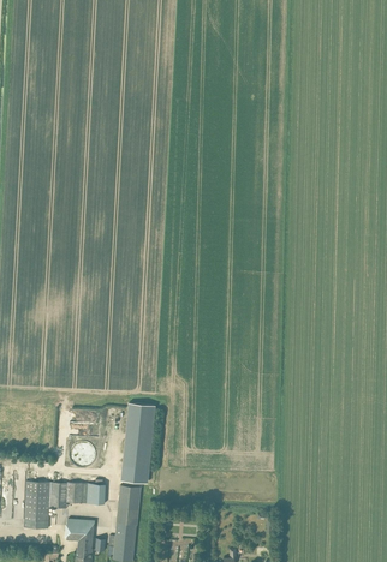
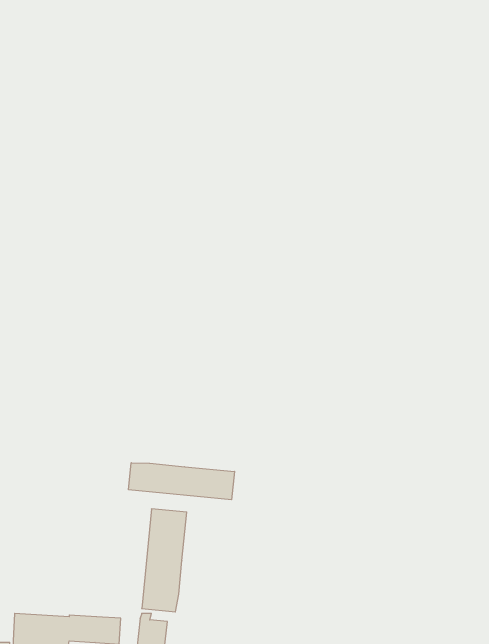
building: none -> [129,463,235,500]

